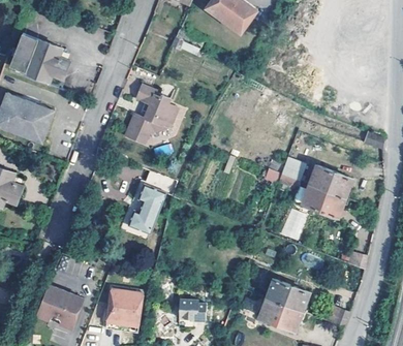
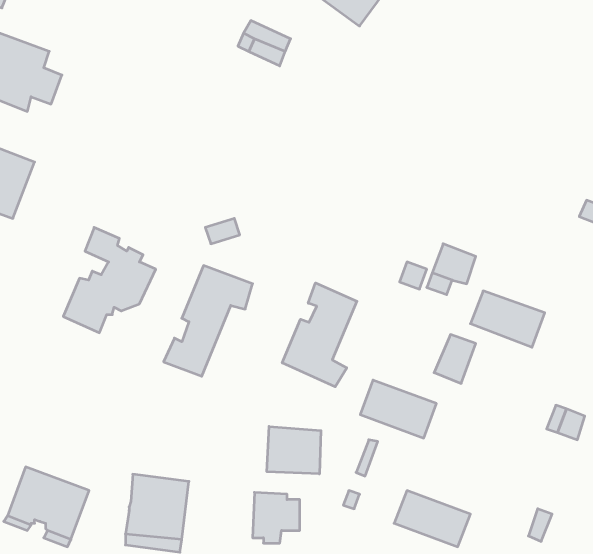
building: [123,83,176,143] -> [63,227,156,333]
building: [309,164,351,196] -> none
building: none -> [282,283,357,387]
building: none -> [267,426,321,474]
building: [266,278,309,311] -> [360,380,436,438]

